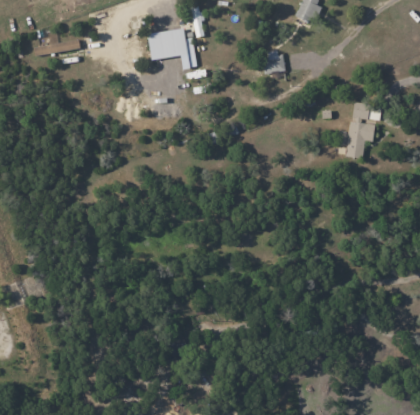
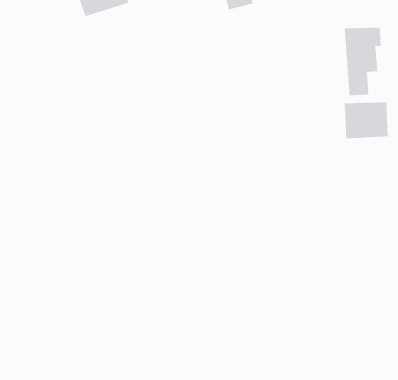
building: none -> [344,102,389,139]

